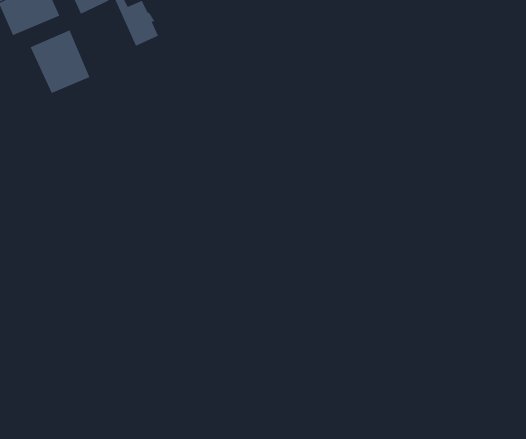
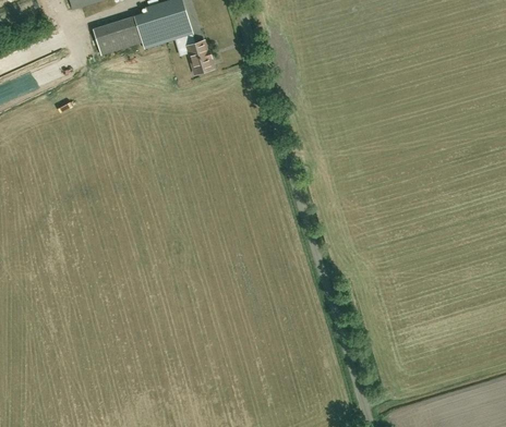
building: [30,29,90,94] -> none

